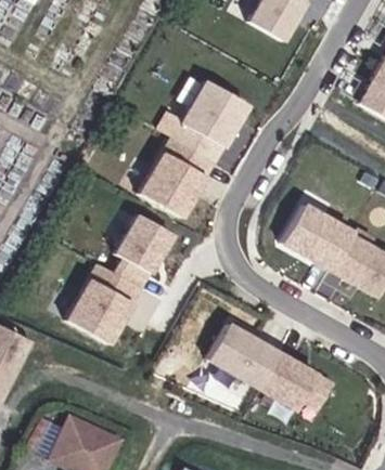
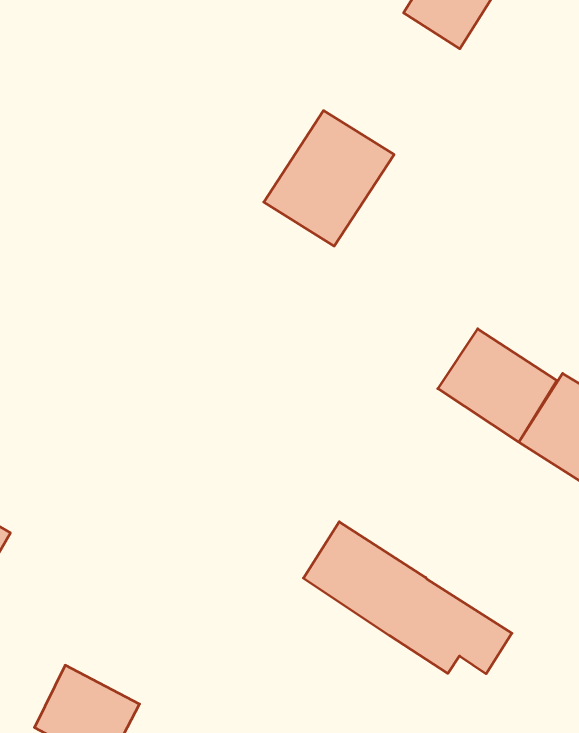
building: [140,136,215,218] -> none
building: [67,214,172,344] -> none

